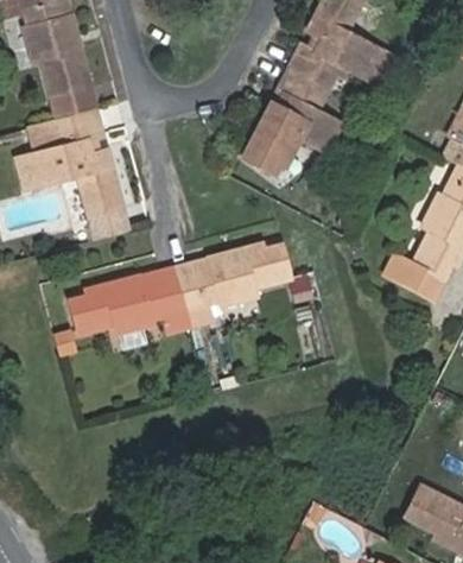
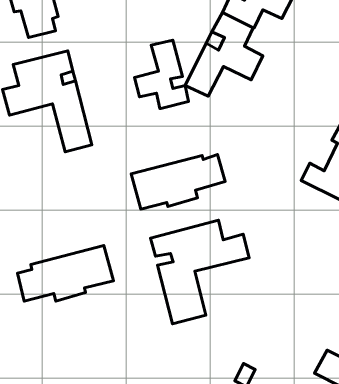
building: none -> [134,40,188,109]
building: [70,267,189,336] -> [17,245,113,301]
building: none -> [151,220,249,324]

